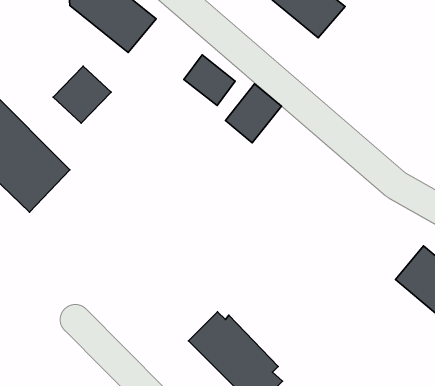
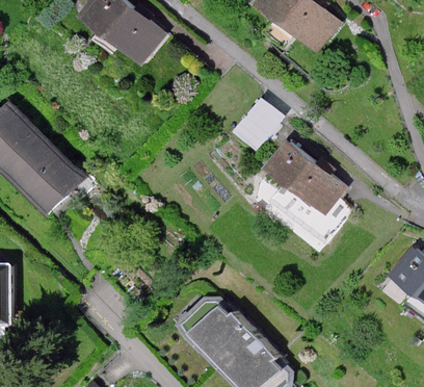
building: [184,55,235,105] -> none
building: [53,66,111,123] -> none
building: none -> [266,138,344,217]

